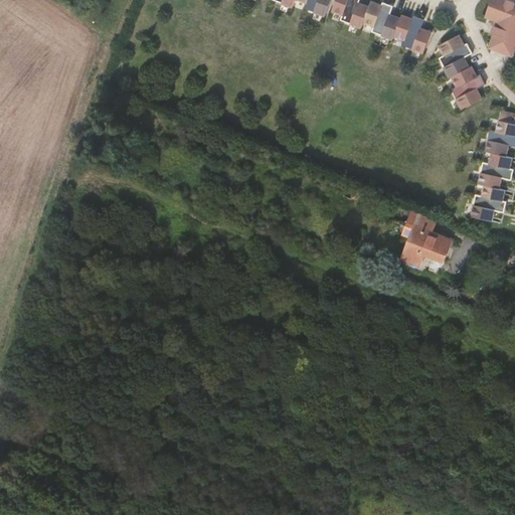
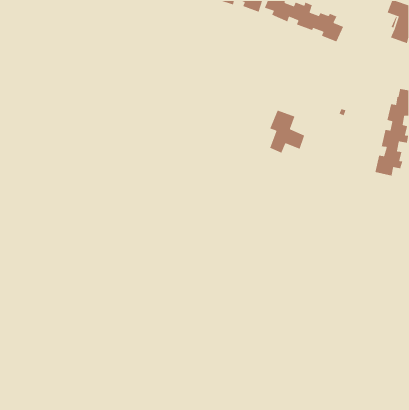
building: [439,35,485,109] -> none
building: [402,209,448,265] -> [269,110,305,154]

